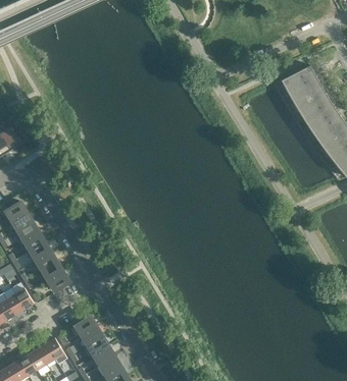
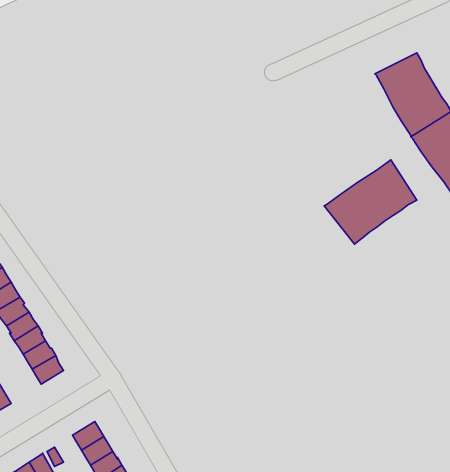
building: none -> [324,160,417,244]

